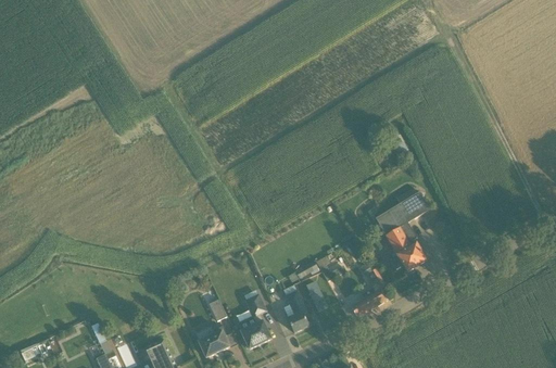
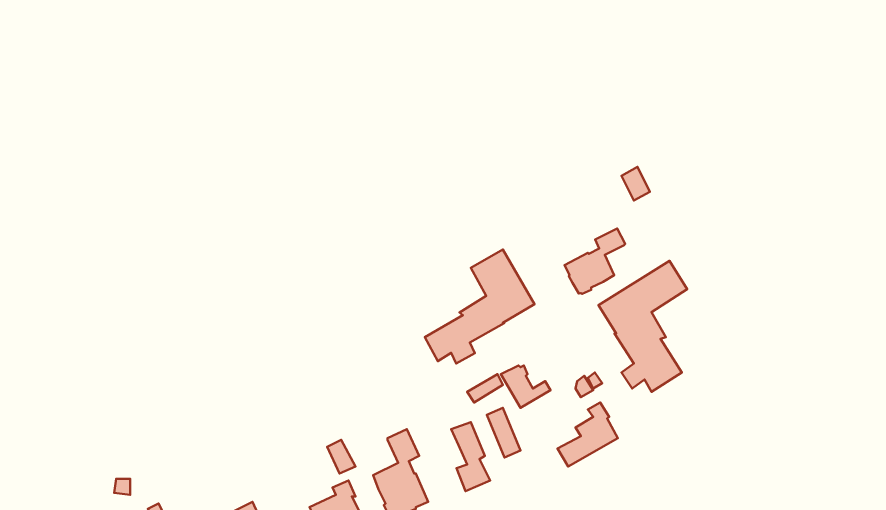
building: none -> [564,228,625,294]
building: none -> [425,249,535,363]

